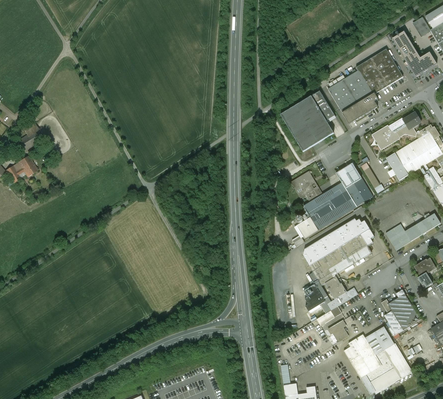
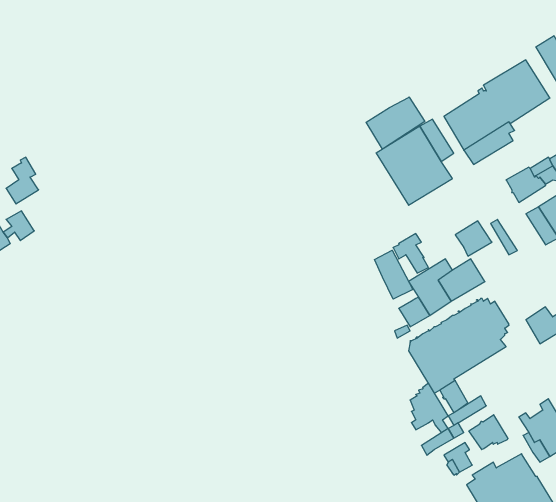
building: none -> [366,97,425,149]
building: [345,178,373,206] -> none
building: none -> [374,250,413,299]
building: none -> [469,415,508,450]

